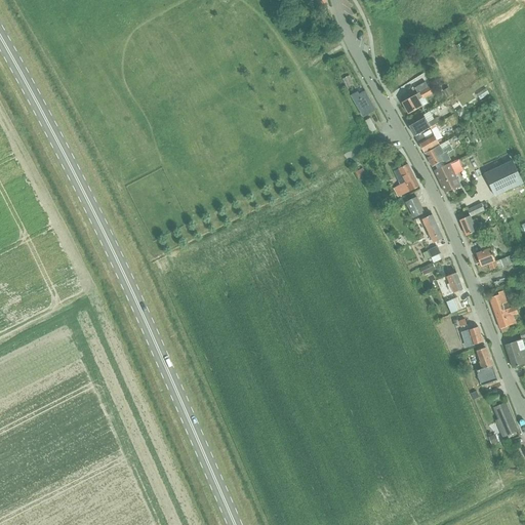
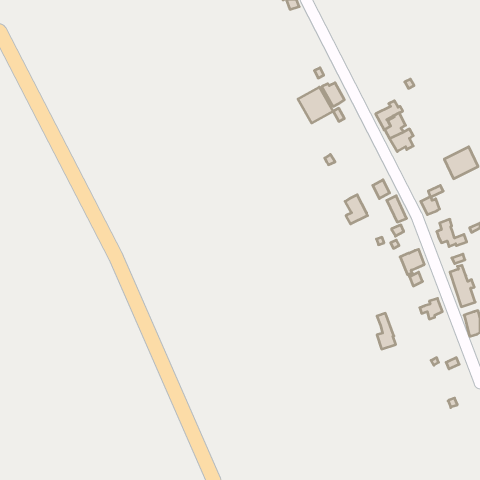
building: [402,81,432,113] -> none
building: none -> [298,87,333,123]
building: [434,161,458,191] -> none
building: [394,163,418,195] -> [345,195,368,224]
building: [476,346,496,385] -> [377,313,396,349]
building: [492,401,517,437] -> none

